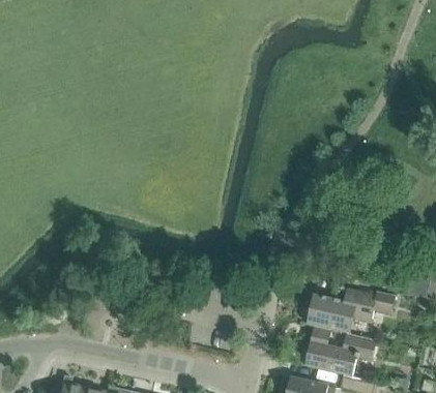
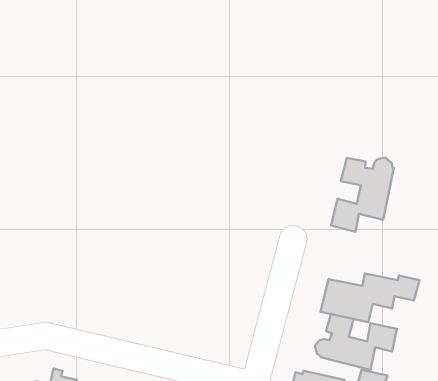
building: none -> [331,158,394,232]

